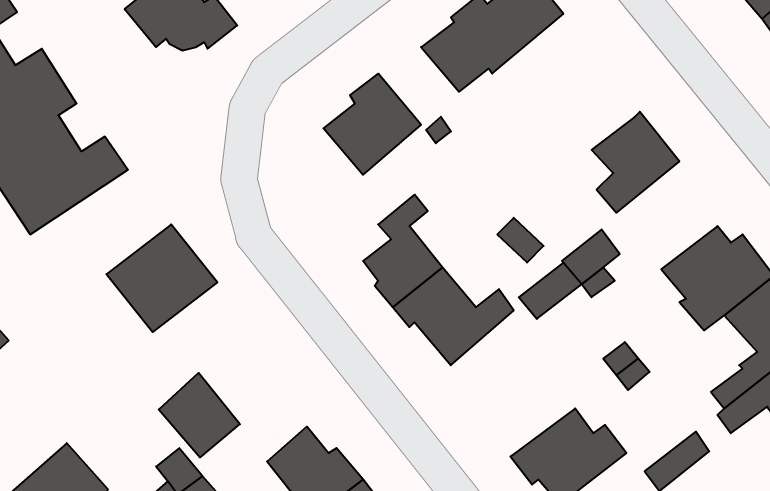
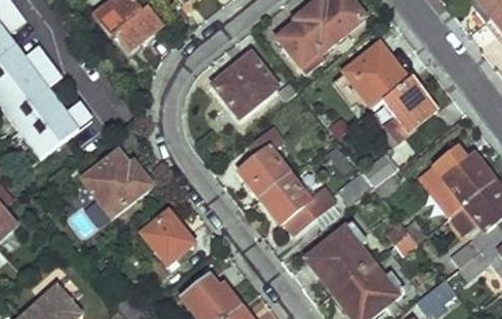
building: none -> [344,44,409,109]
building: none -> [310,223,372,291]
building: [159,373,240,457] -> [142,210,193,263]

